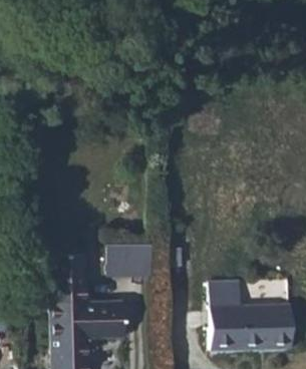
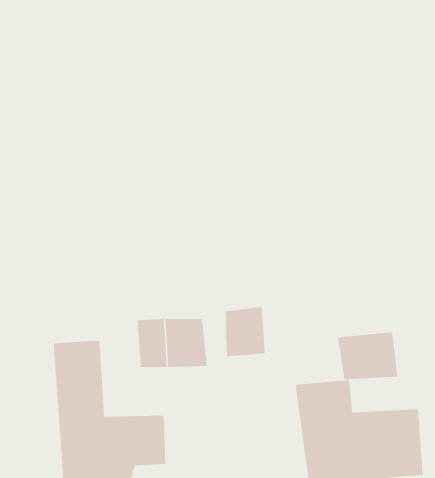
building: none -> [225,306,265,357]
building: none -> [337,332,398,380]

